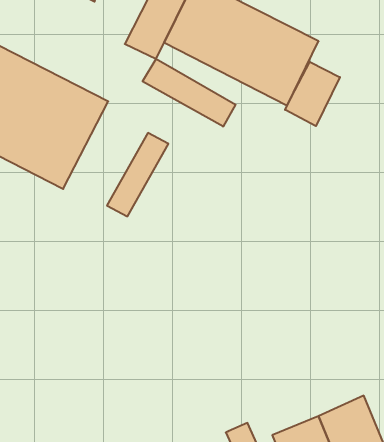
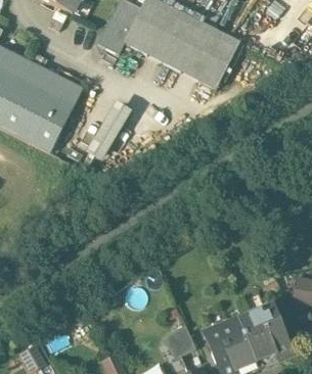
building: [143,59,236,127] -> none
building: [285,62,340,126] -> none

